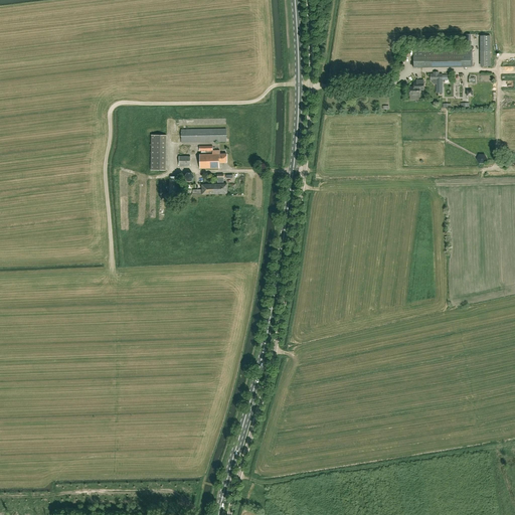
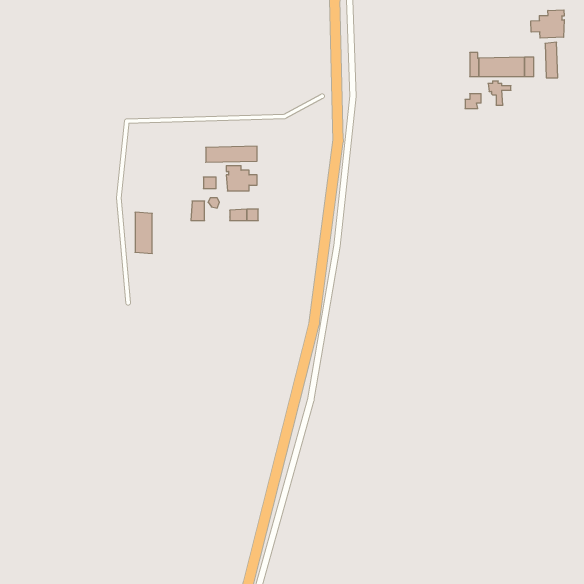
building: none -> [531,10,564,38]
building: [151,135,166,171] -> [135,212,152,253]

